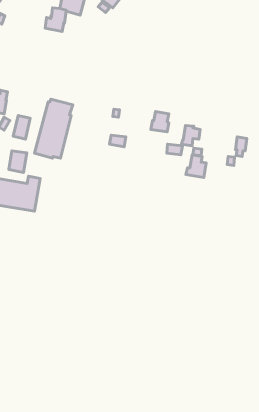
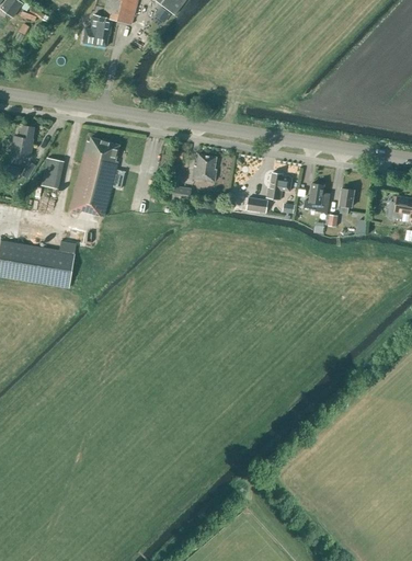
building: [151,111,169,132] -> [192,153,216,181]
building: [9,151,27,172] -> none
building: [186,155,206,178] -> [302,182,330,213]

